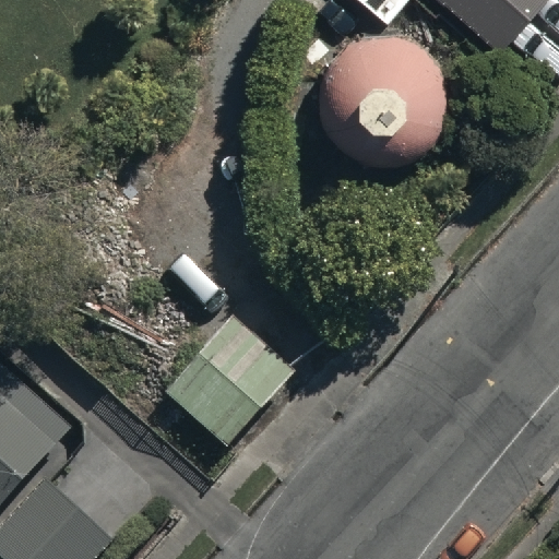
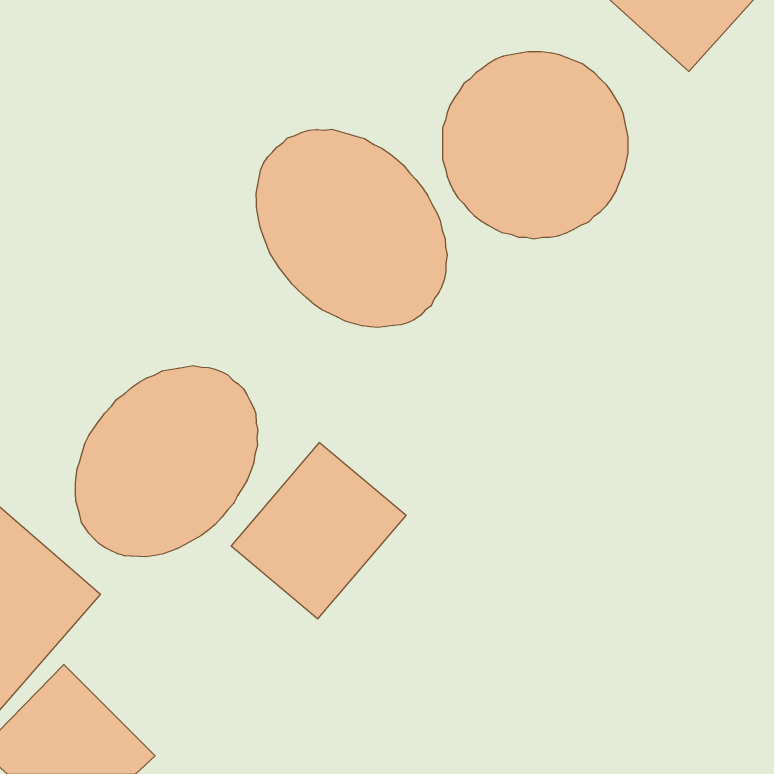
building: none -> [256,129,447,327]
building: none -> [75,366,258,557]

